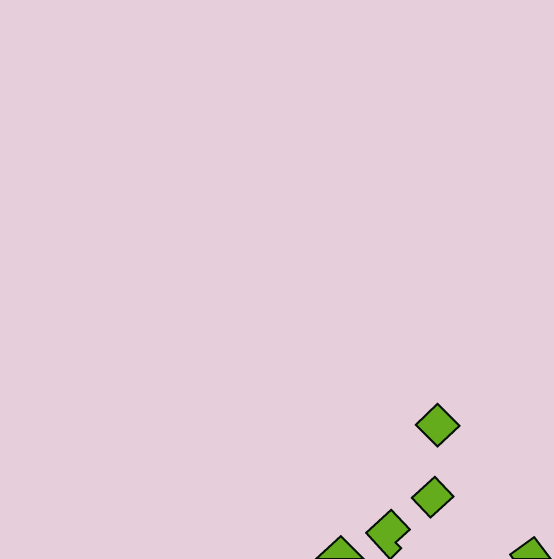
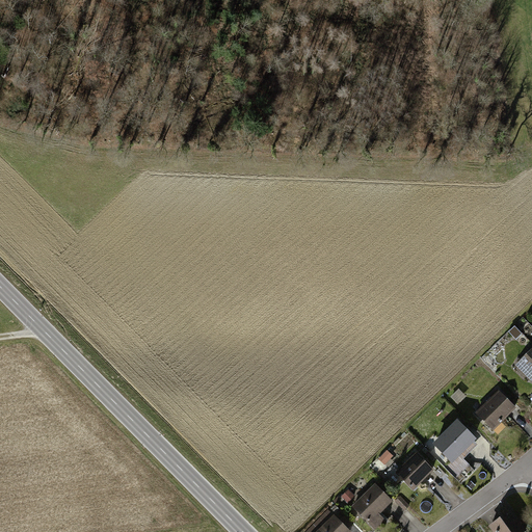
building: [416,404,459,447] -> [438,422,480,462]
building: none -> [478,389,520,429]

